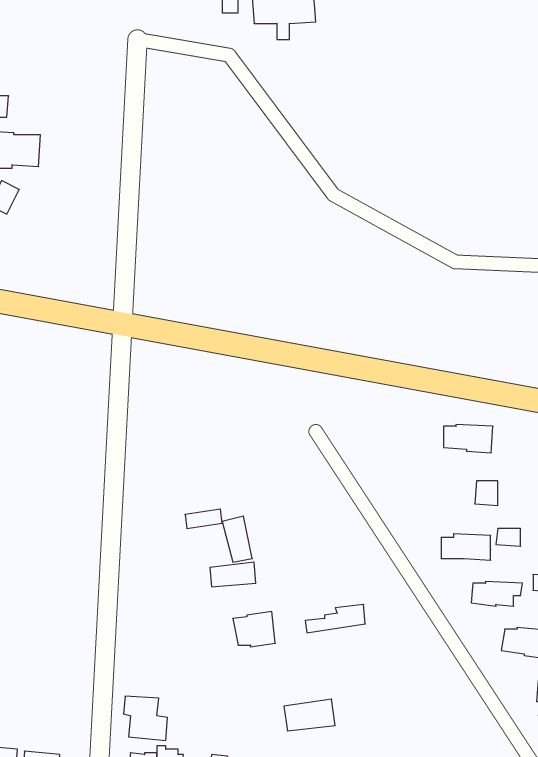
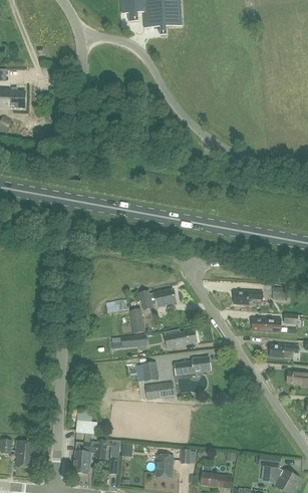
building: [444,425,493,453] -> [235,290,263,306]
building: none -> [139,287,176,308]
building: none -> [165,328,197,348]
building: [284,699,335,731] -> [145,381,175,399]

